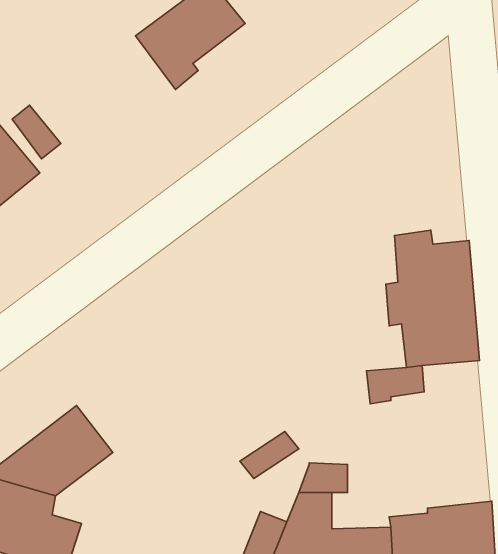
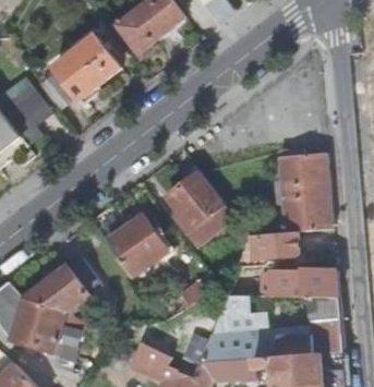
building: none -> [56,26,133,98]
building: none -> [166,159,222,232]
building: none -> [106,213,168,275]
building: none -> [269,269,336,297]

